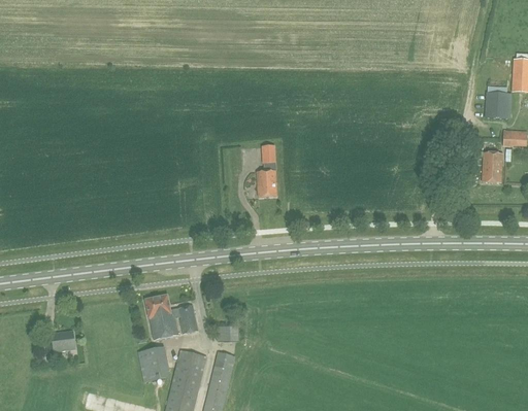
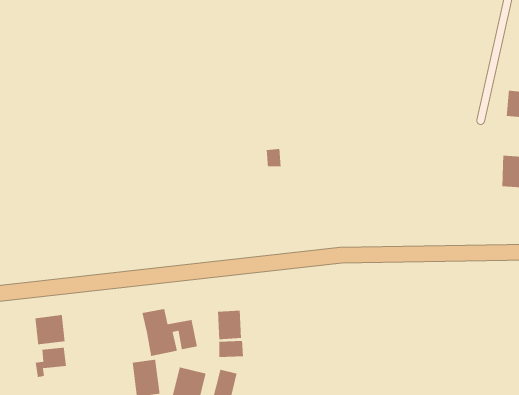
building: [257,170,277,197] -> none
building: none -> [217,310,242,340]
building: none -> [35,314,66,345]

